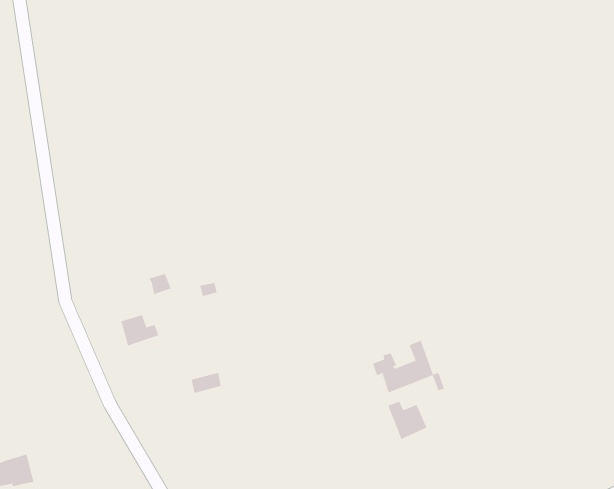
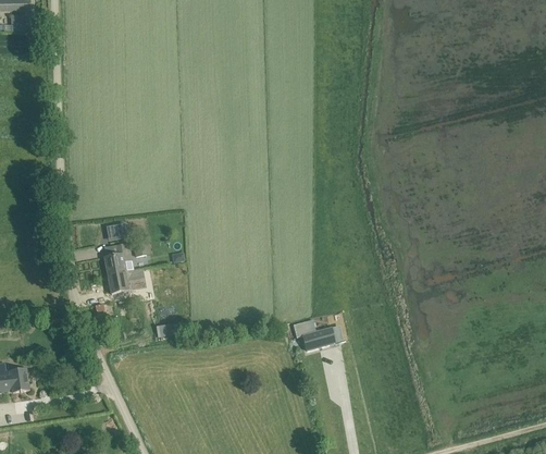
building: none -> [103,244,131,274]
building: [387,401,427,440] -> none

